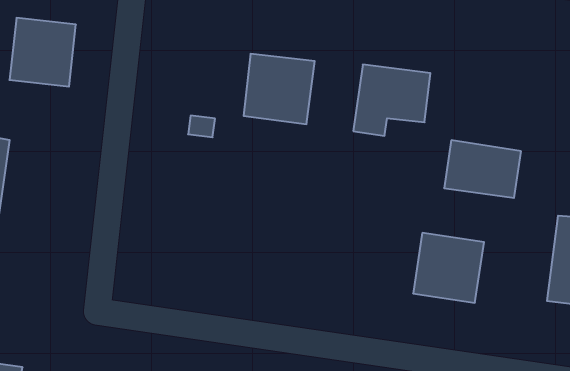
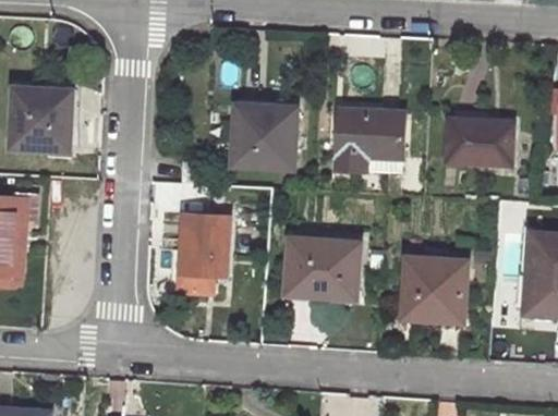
building: [444,140,521,198] -> [448,117,517,166]
building: none -> [182,215,229,277]
building: none -> [288,240,357,298]

